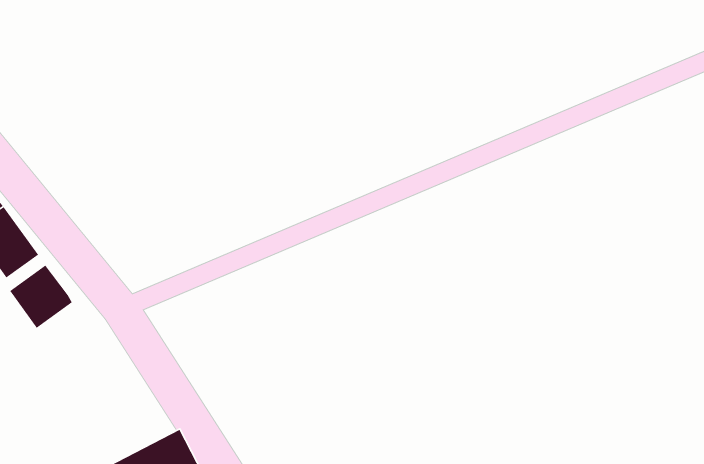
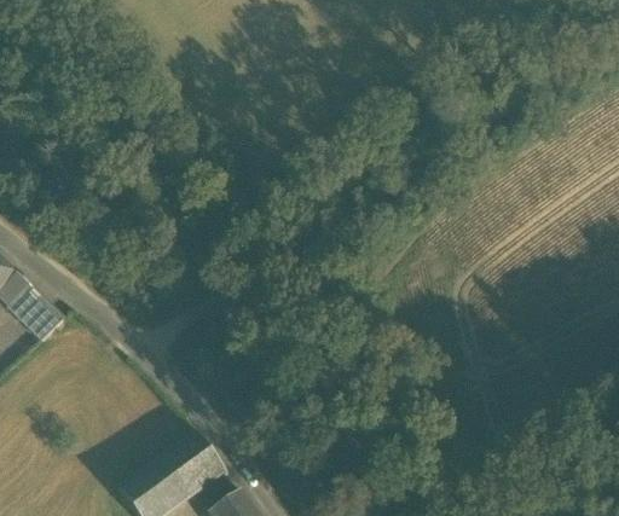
building: [9,265,73,329] -> none

